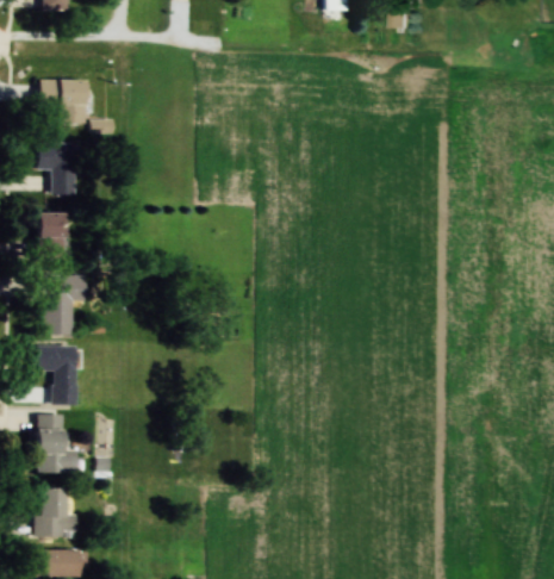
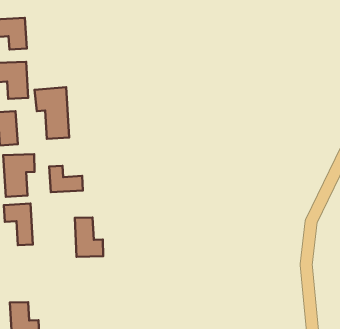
building: none -> [35,87,69,139]
building: none -> [49,166,83,192]
building: [38,415,77,472] -> [75,218,103,257]

